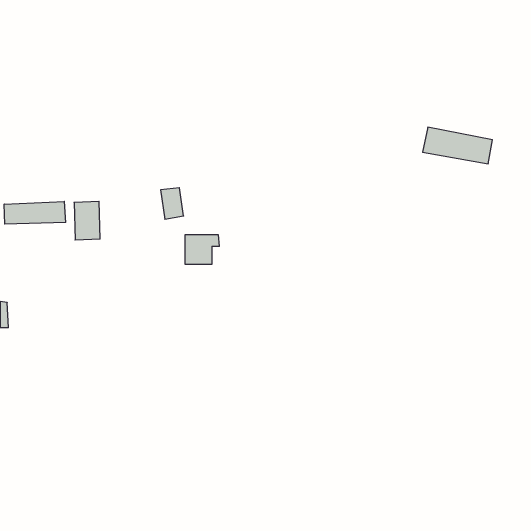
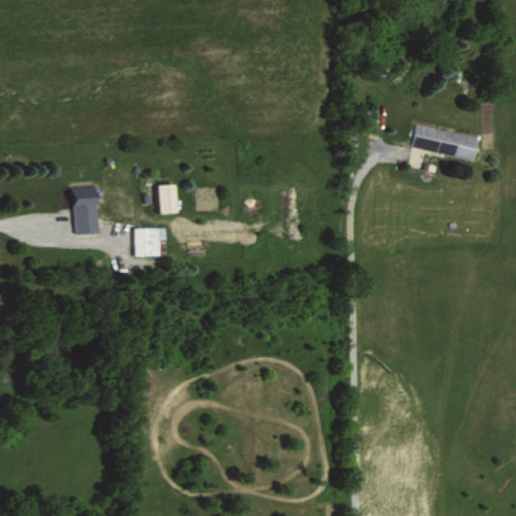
building: [4,201,66,224] -> none
building: [185,235,219,264] -> [133,228,166,256]

